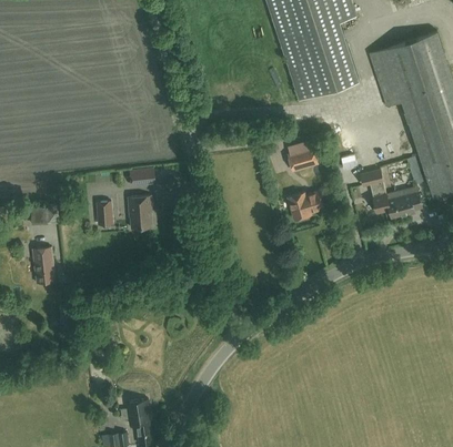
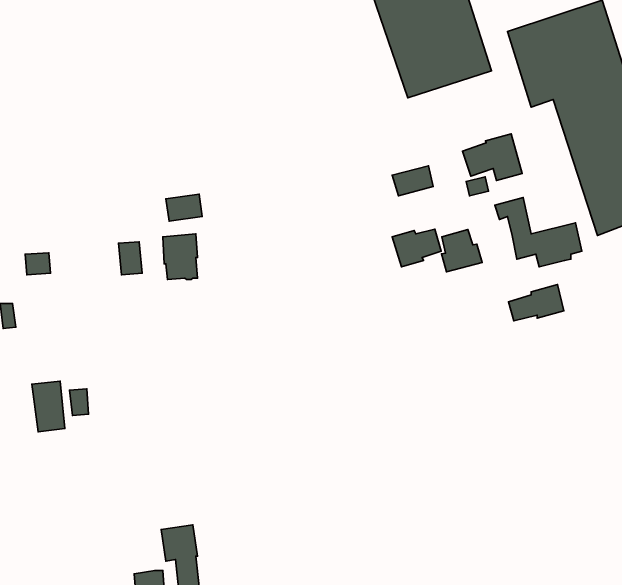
building: none -> [463,134,522,180]
building: none -> [441,230,482,272]
building: none -> [509,285,564,321]
building: [31,247,54,283] -> [32,381,65,432]

